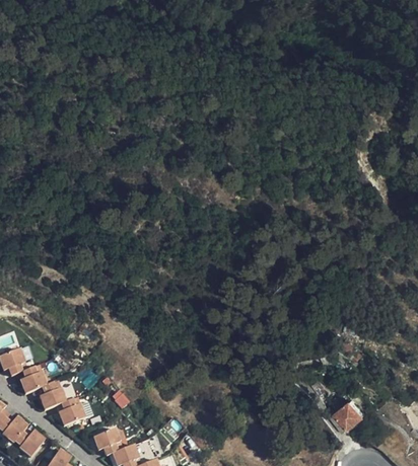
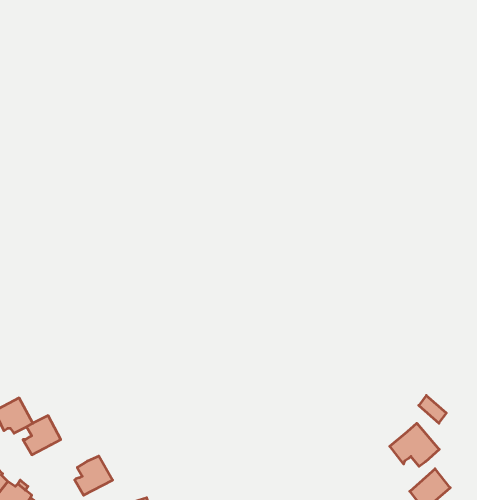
building: none -> [390,423,439,466]
building: [42,375,72,410] -> none

